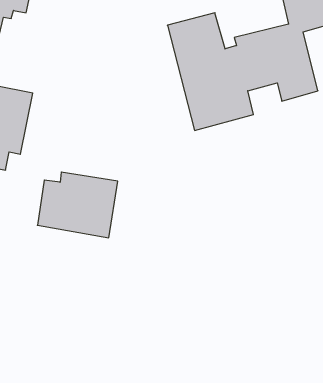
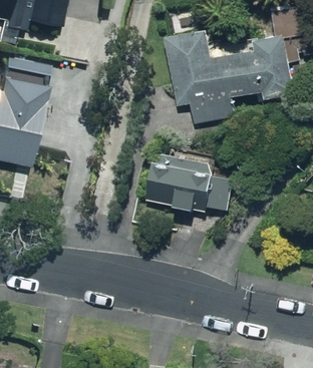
building: [37,172,118,238] -> [145,153,217,212]

